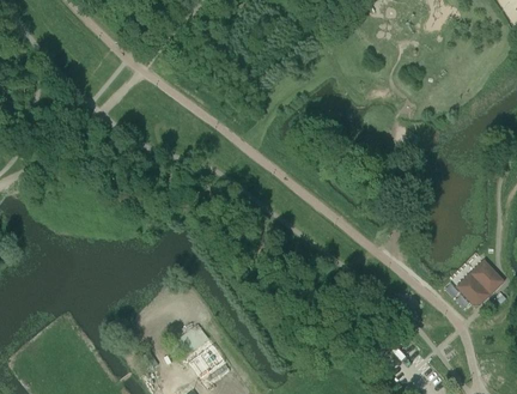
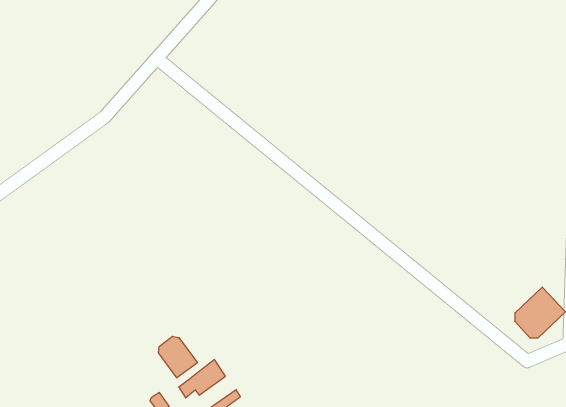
building: none -> [158,336,197,378]

